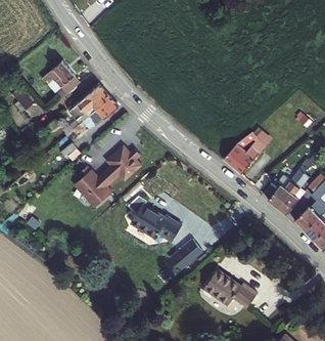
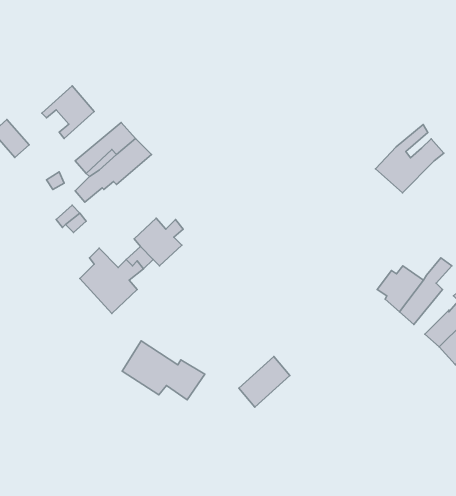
building: [221,132,265,176] -> [375,124,444,193]
building: [131,199,184,237] -> [122,341,205,400]
building: [202,267,256,304] -> none

